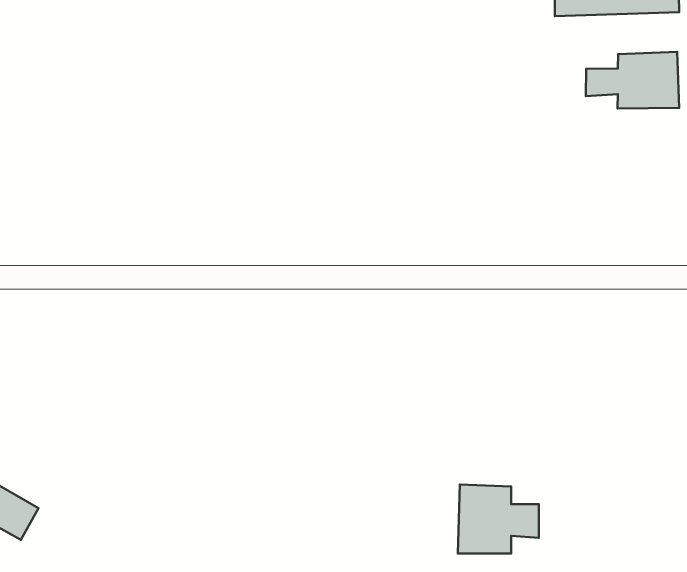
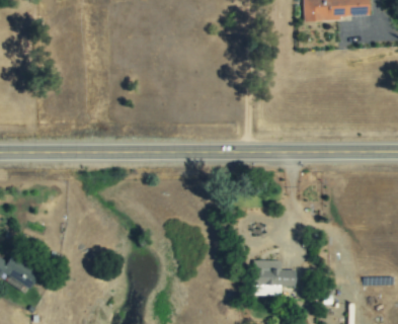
building: [586,52,679,108] -> none

